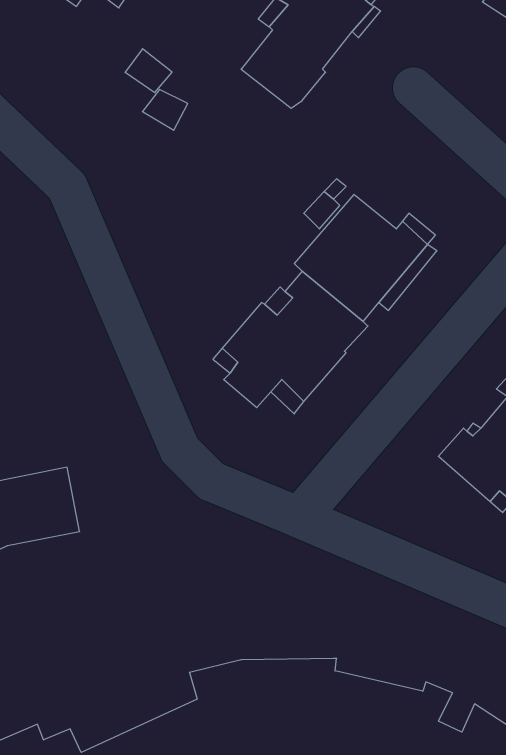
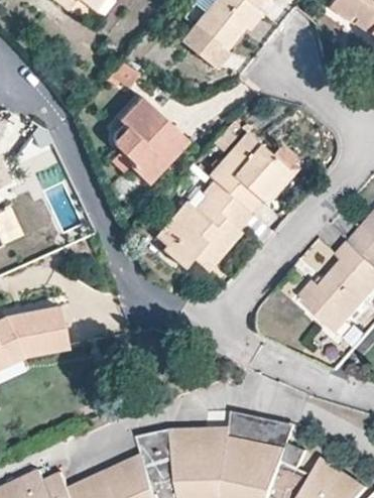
building: none -> [111,94,186,181]
building: none -> [231,410,296,449]

